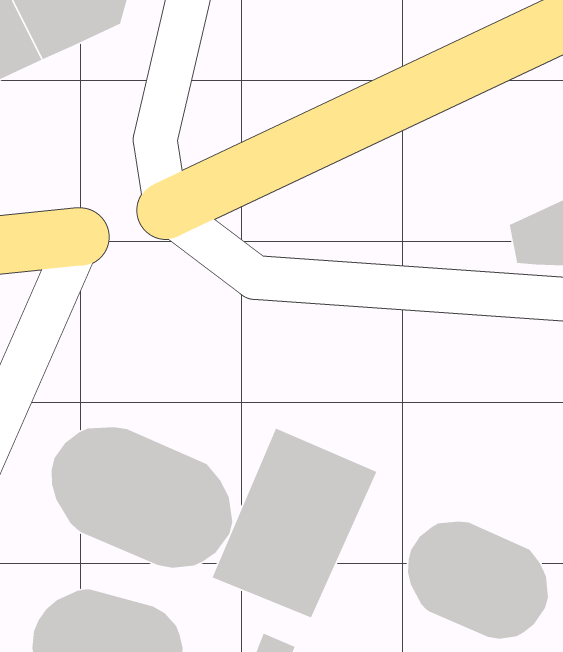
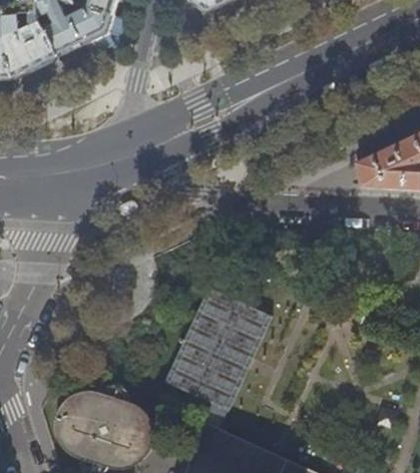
building: [51,427,233,569] -> none
building: [407,521,549,640] -> none

